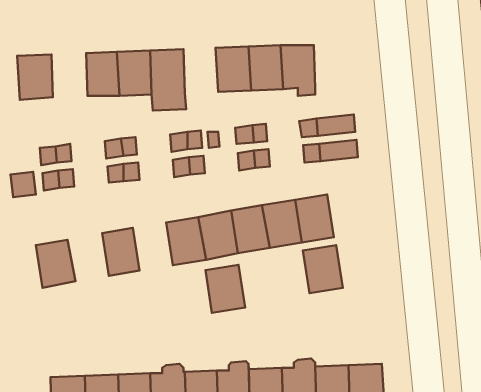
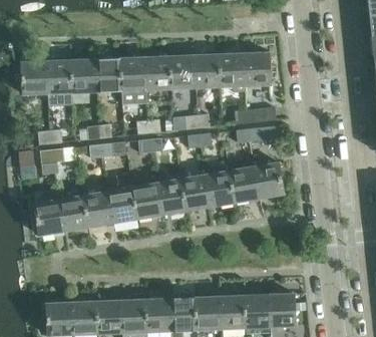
building: none -> [244,53,277,86]
building: none -> [145,56,171,90]
building: none -> [46,60,73,104]
building: none -> [58,196,89,232]
building: [303,245,343,293] -> [254,162,284,199]
building: [205,265,245,313] -> [107,188,137,224]

